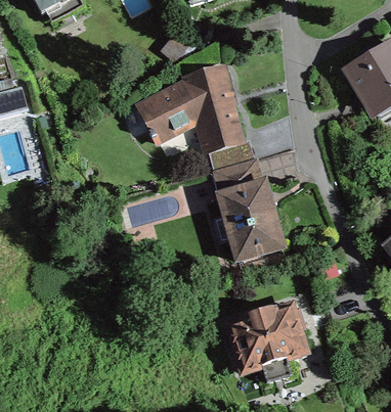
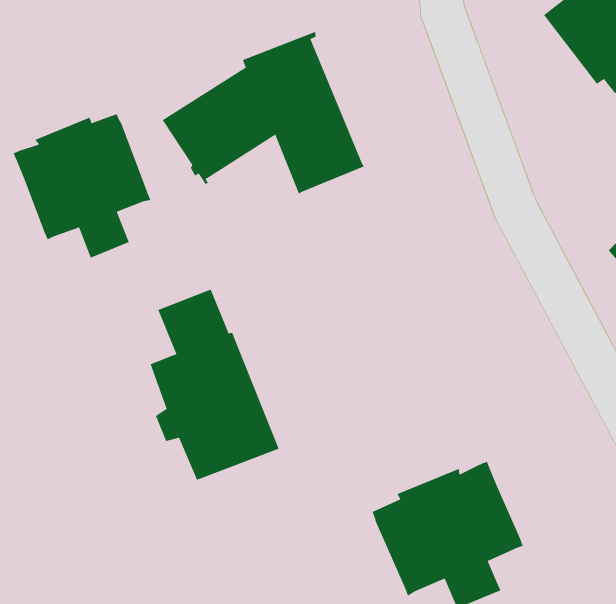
building: none -> [13,113,151,259]
building: [219,157,284,259] -> [150,289,280,481]

